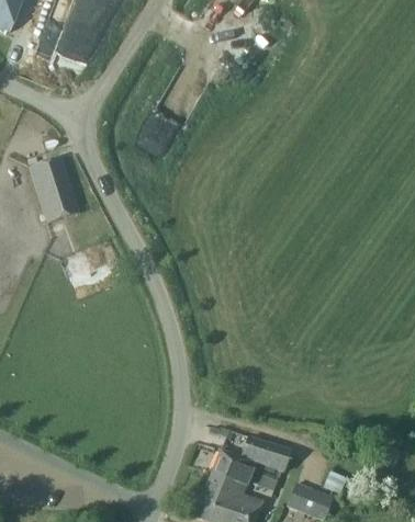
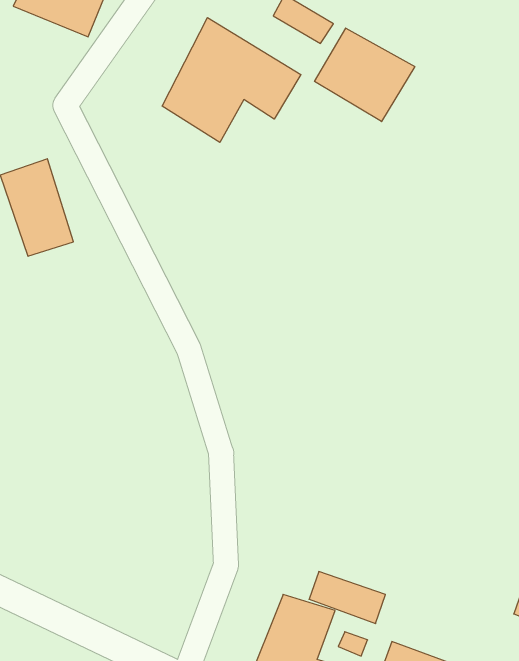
building: none -> [162,18,301,142]
building: none -> [315,28,415,122]

